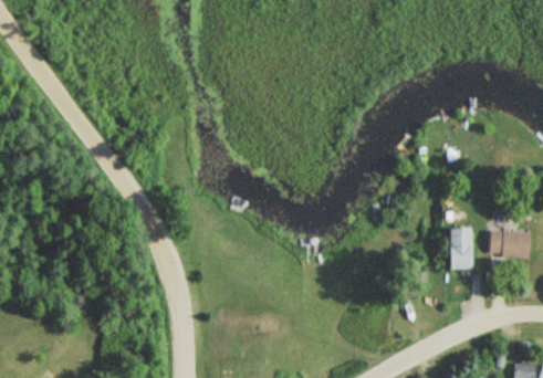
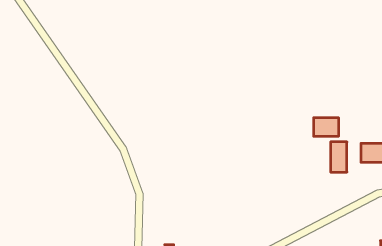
building: none -> [314,118,338,136]

